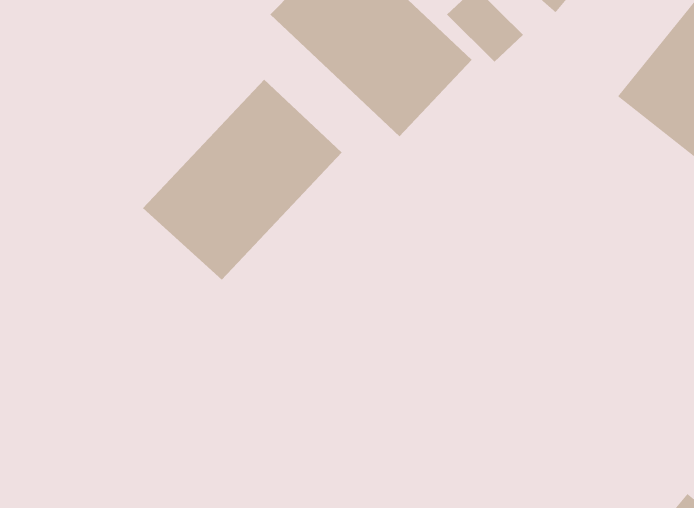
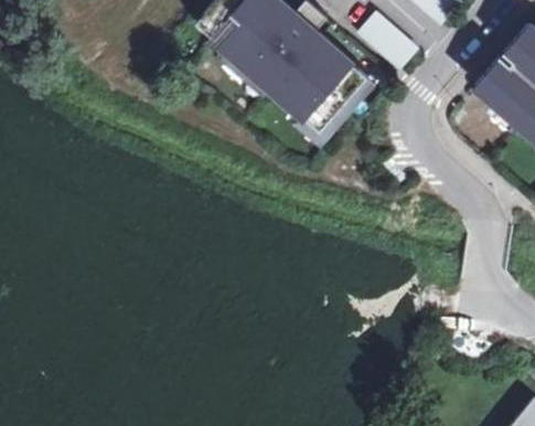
building: [142,79,342,280] -> none

